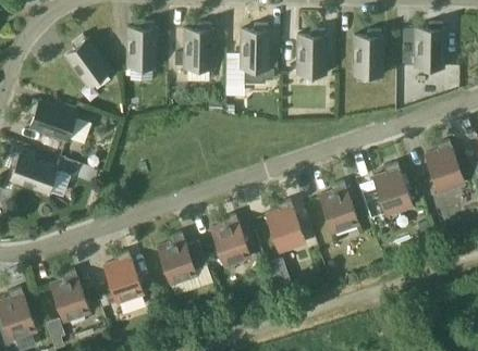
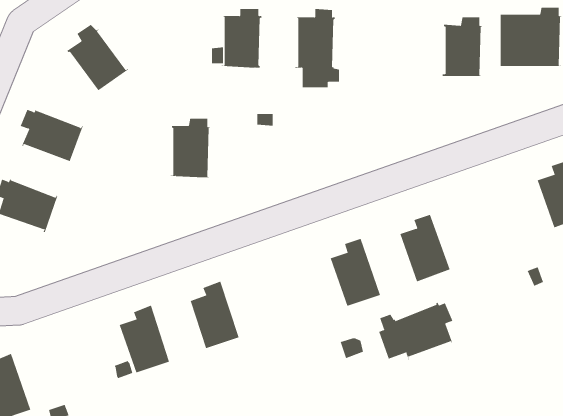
building: [126,24,158,70] -> [170,118,211,178]
building: [296,30,328,76] -> none
building: [373,164,413,216] -> none
building: [212,215,252,267] -> none
building: none -> [379,302,453,360]
building: [51,271,90,323] -> none

